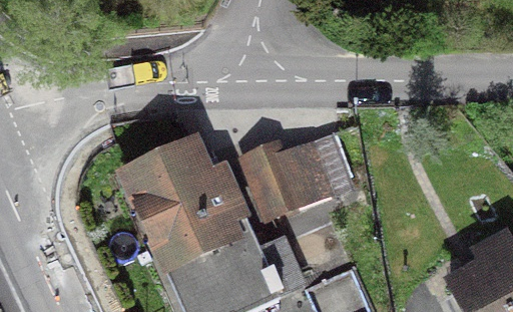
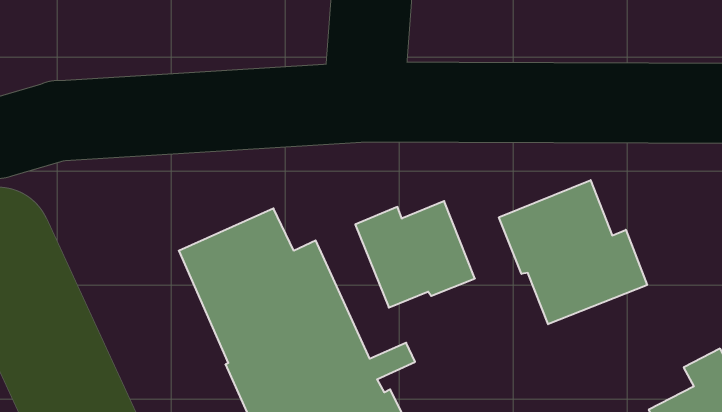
building: none -> [499,180,647,324]

